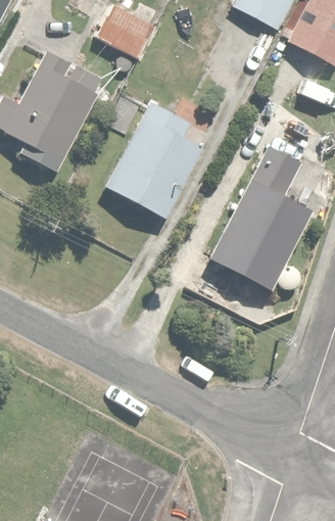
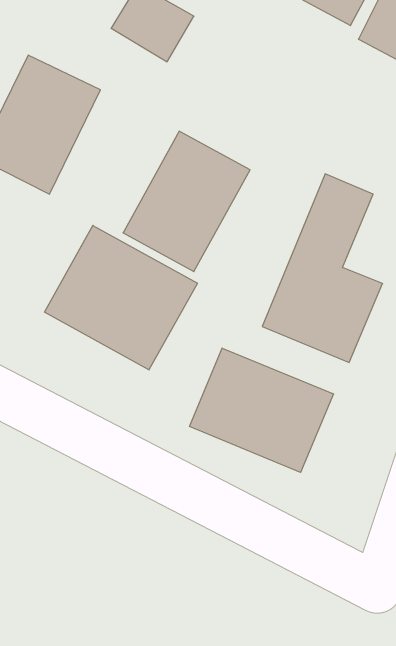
building: none -> [45,225,197,370]
building: none -> [189,348,333,472]

